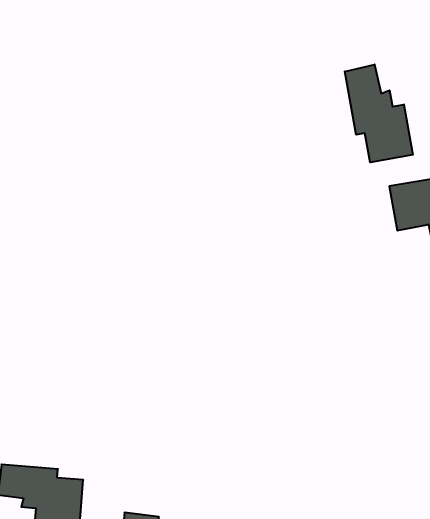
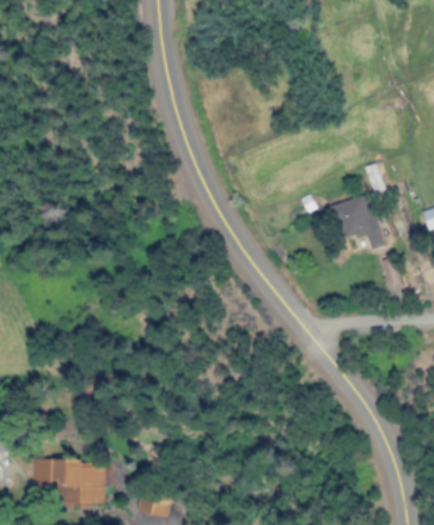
building: [345,64,413,162] -> none

